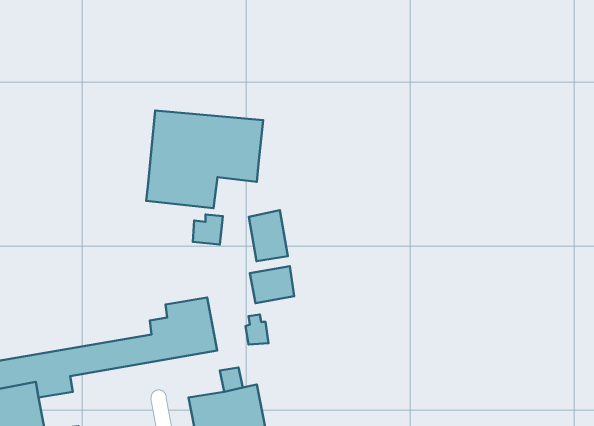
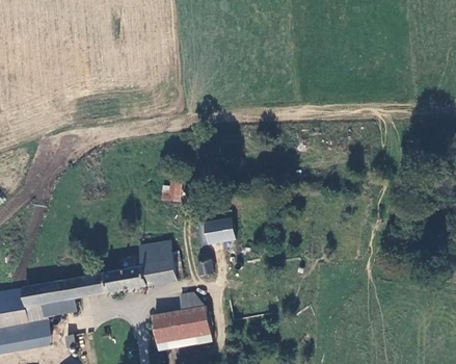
building: [146,111,263,208] -> none
building: [249,210,288,261] -> none

